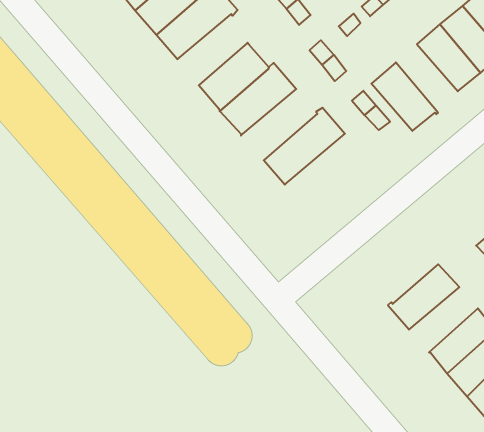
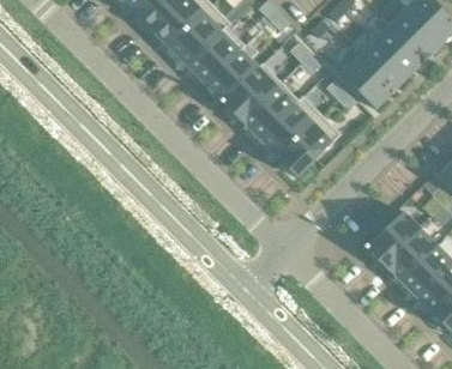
building: none -> [186,26,245,84]
building: none -> [357,40,408,92]
building: none -> [237,81,299,139]
building: none -> [277,114,340,176]
building: none -> [382,228,435,284]

